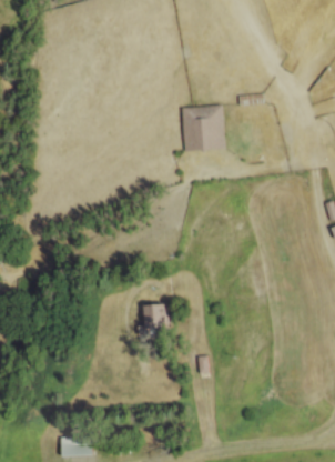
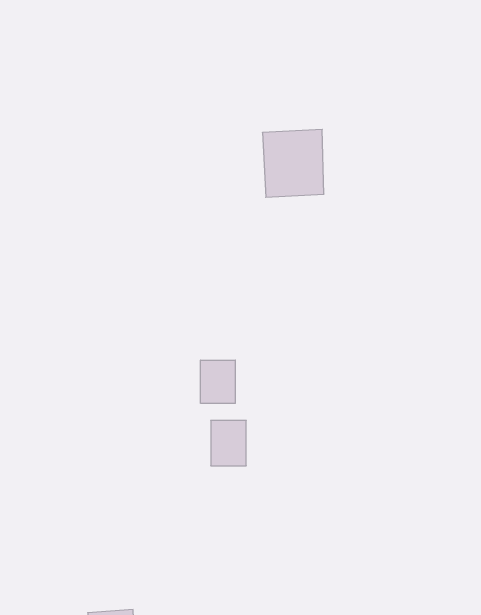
building: none -> [201,360,235,403]

